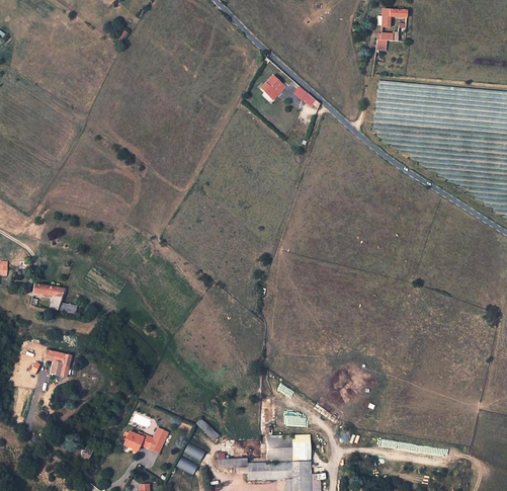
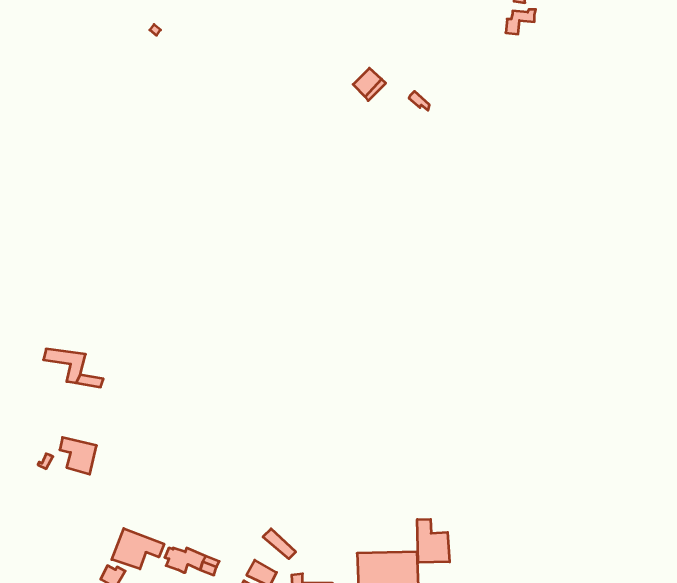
building: none -> [417,519,450,563]
building: none -> [112,528,164,569]

